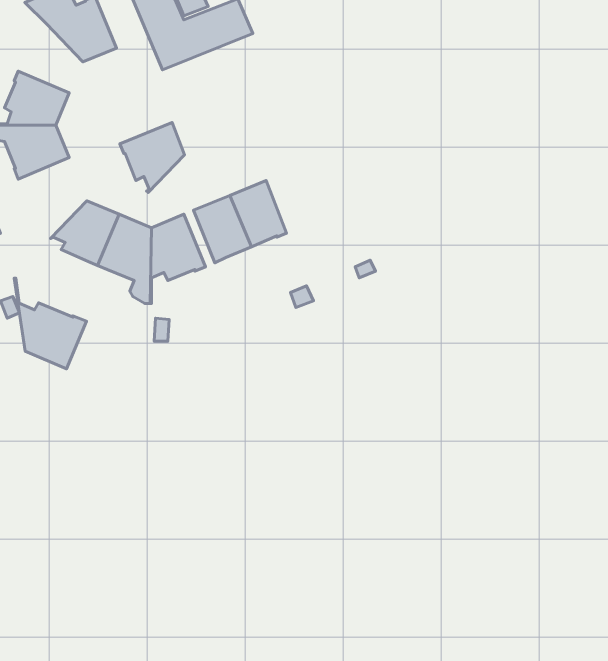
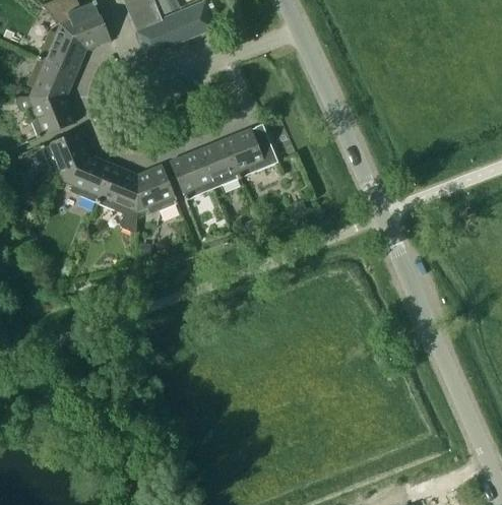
building: none -> [38,20,86,72]
building: [120,122,184,193] -> [41,129,89,182]
building: none -> [225,123,278,178]
building: [14,278,87,369] -> none

